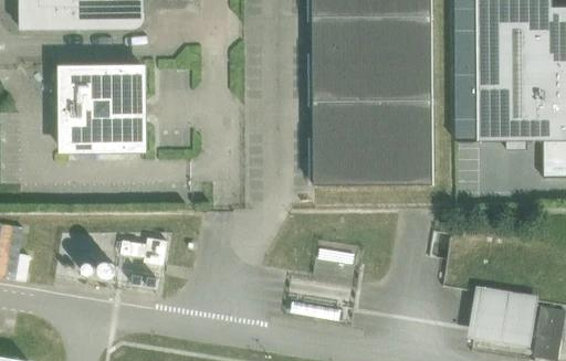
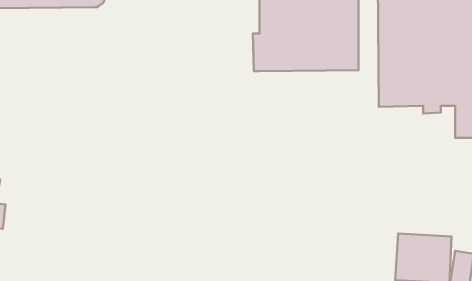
building: [60,66,143,148] -> none
building: [312,98,432,184] -> none

